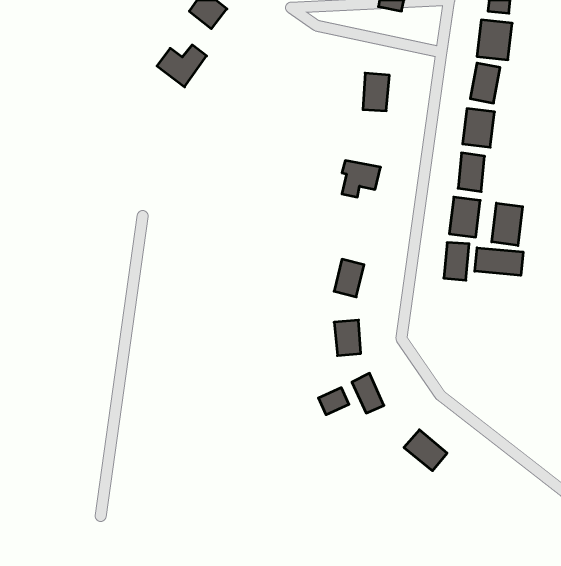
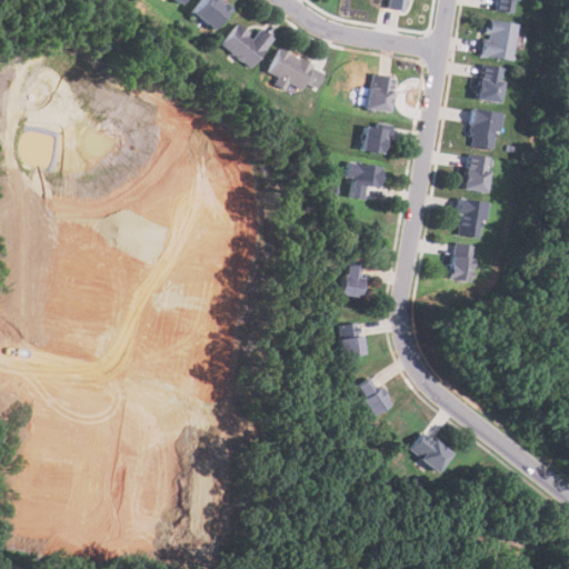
building: [157,45,207,87] -> [224,24,274,67]
building: none -> [269,49,328,89]
building: none -> [362,124,391,154]
building: [492,203,523,246] -> none
building: [475,248,523,275] -> none
building: [318,388,349,415] -> none

